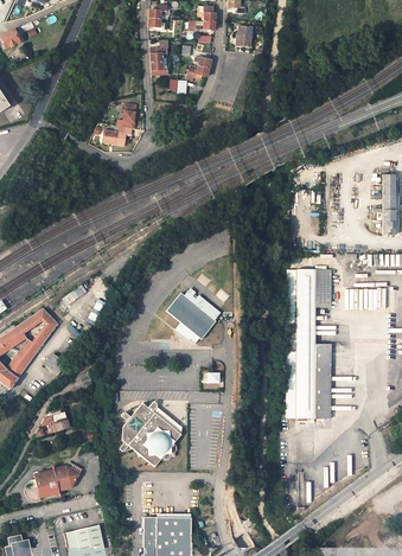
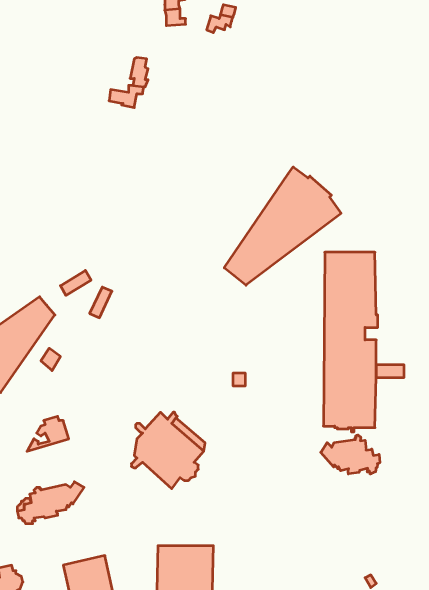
building: none -> [224,167,341,285]
building: [167,289,219,343] -> none
building: none -> [321,435,380,474]

